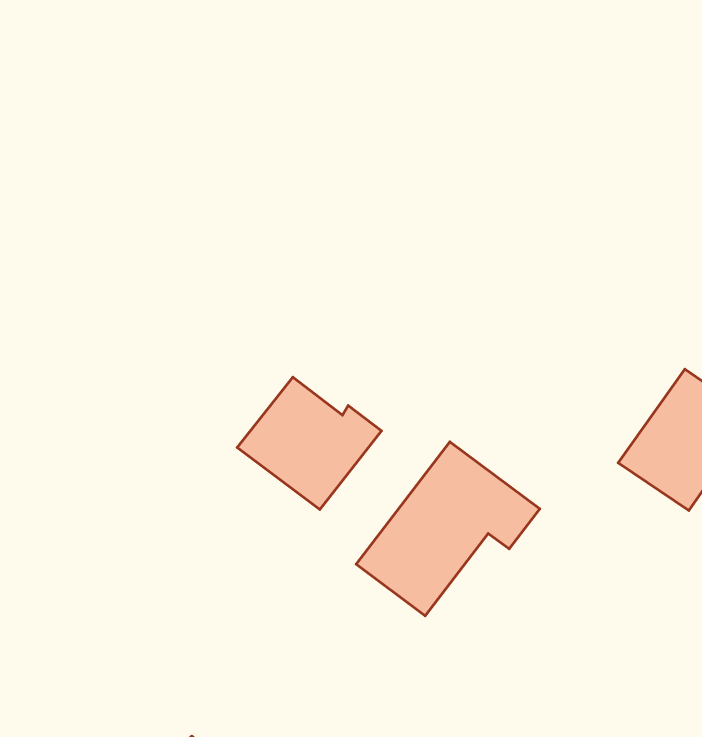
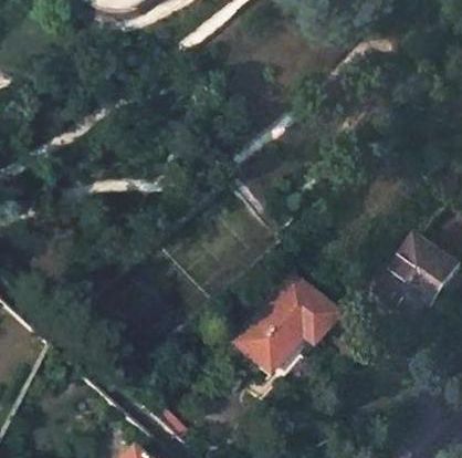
building: [237,377,381,510] -> none

